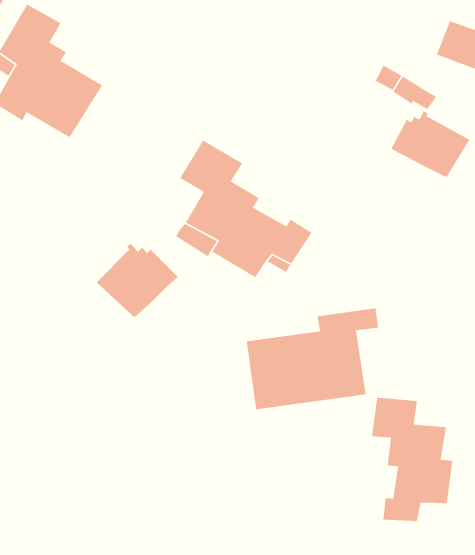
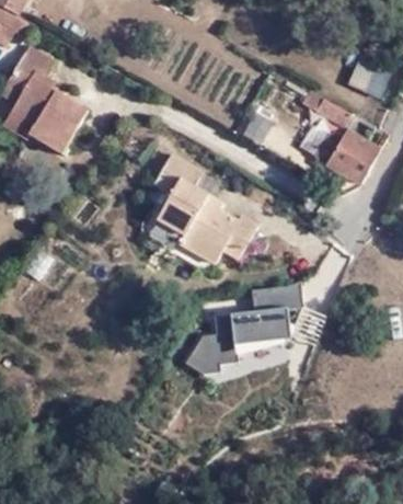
building: [96,243,178,318] -> none
building: [371,397,453,522] -> none

